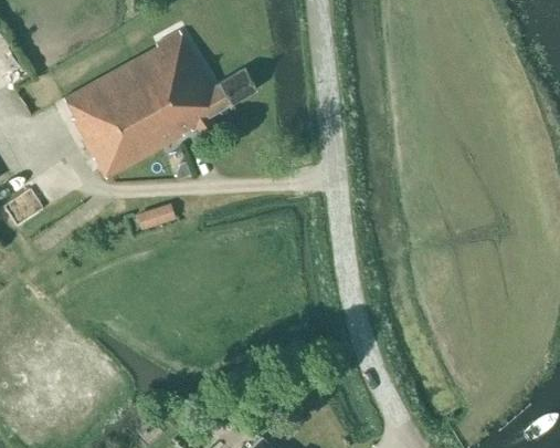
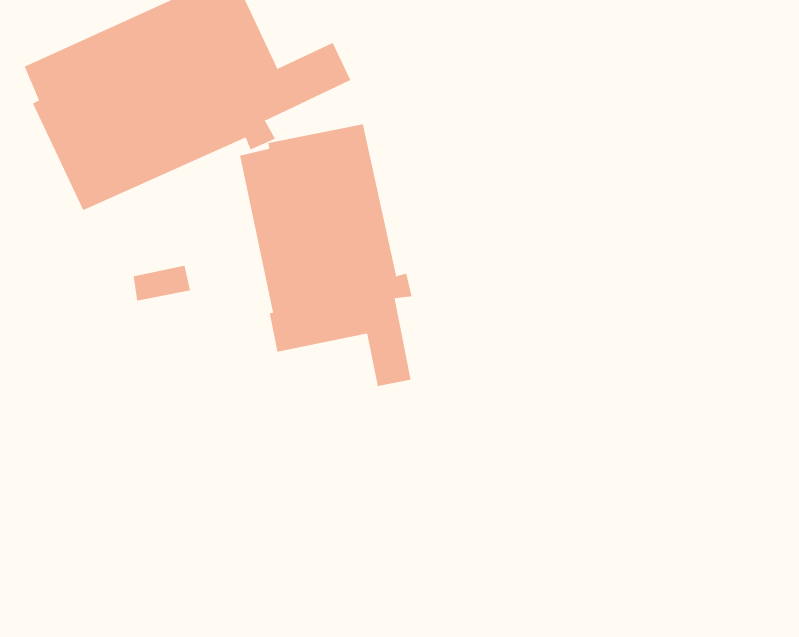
building: none -> [239,123,412,387]

